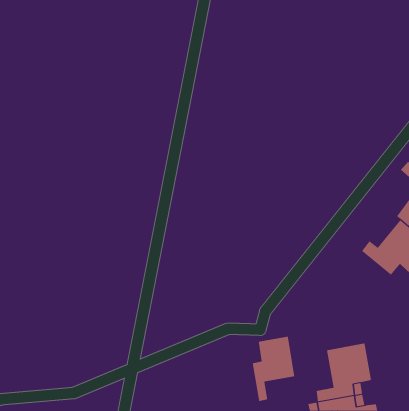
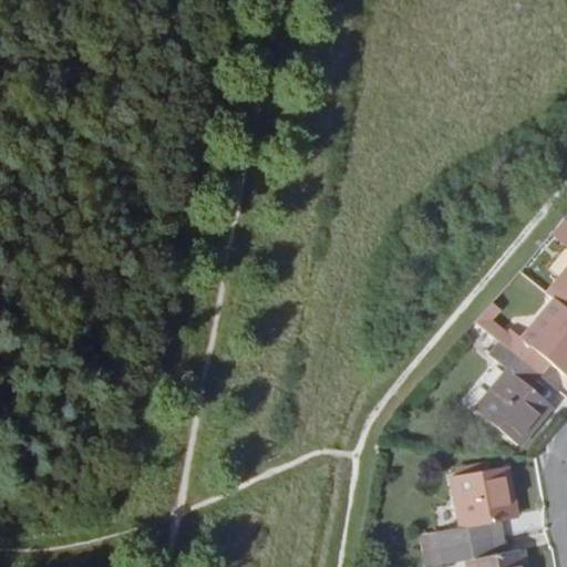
building: none -> [477,342,551,444]
building: [252,336,295,402] -> none

